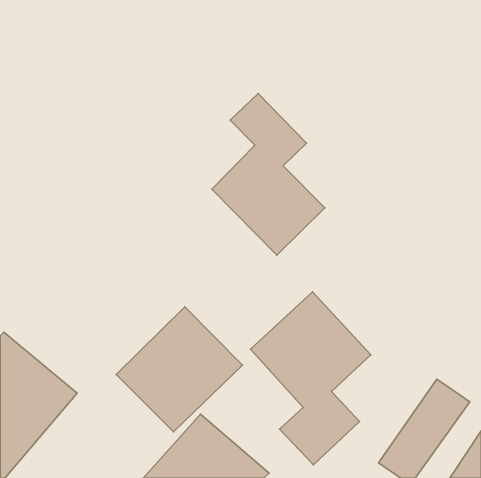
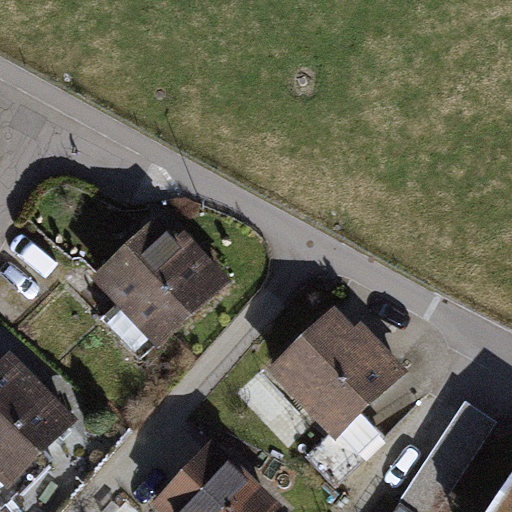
building: [212,94,325,255] -> none
building: [116,307,242,432] -> [87,218,221,351]

